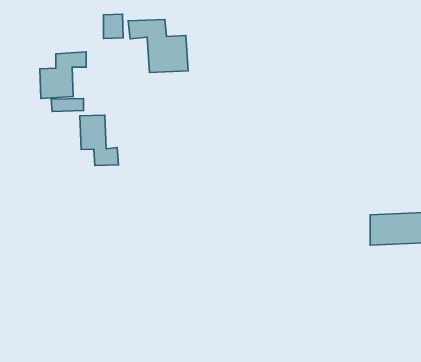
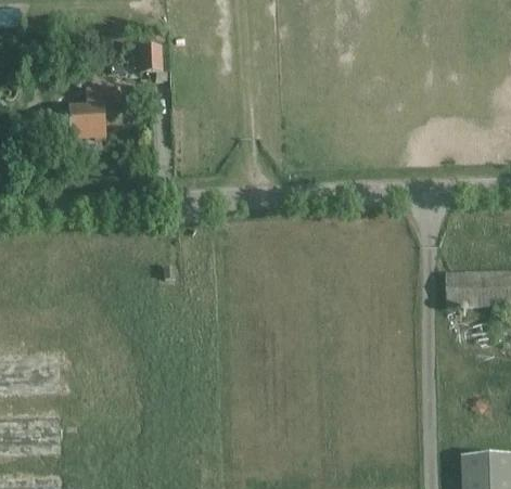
building: [128,19,188,73] -> none
building: [80,115,119,165] -> none

